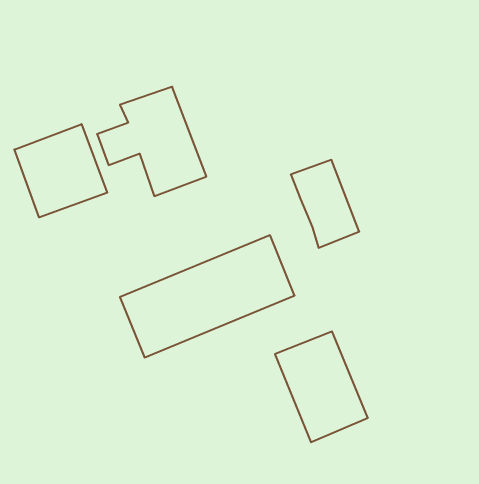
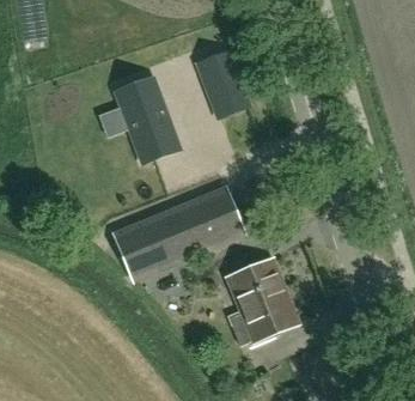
building: [14,124,107,217] -> none
building: [291,160,359,248] -> [197,50,248,115]

